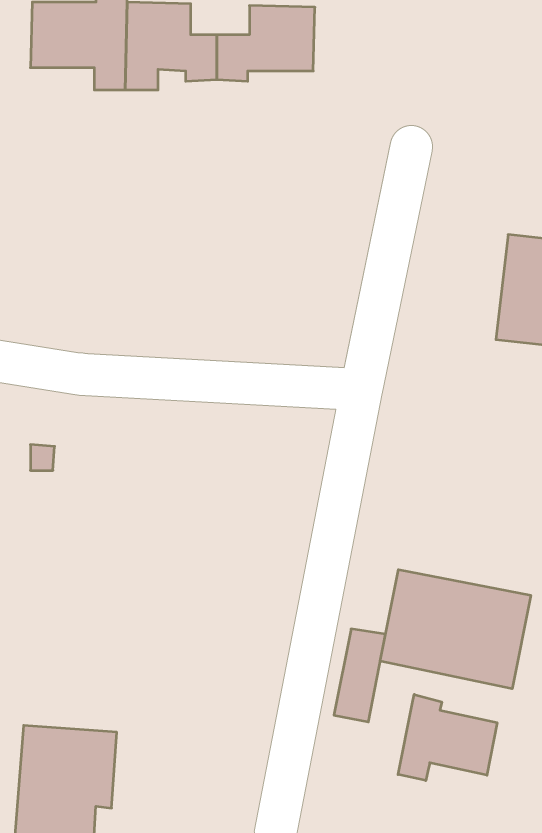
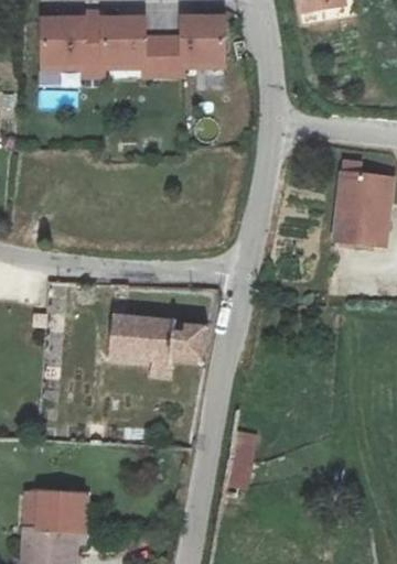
building: none -> [111,316,201,366]
building: [380,570,531,689] -> none
building: [398,694,497,781] -> none

